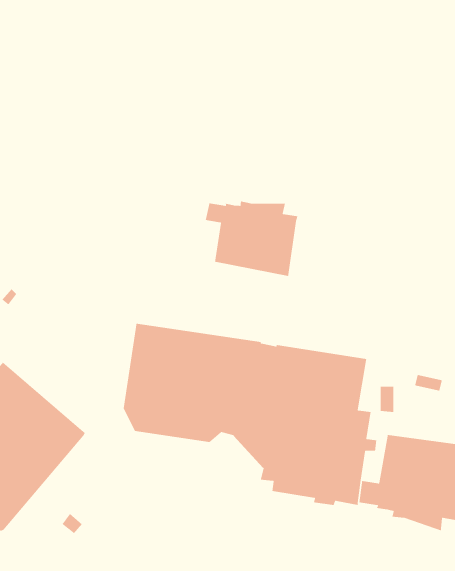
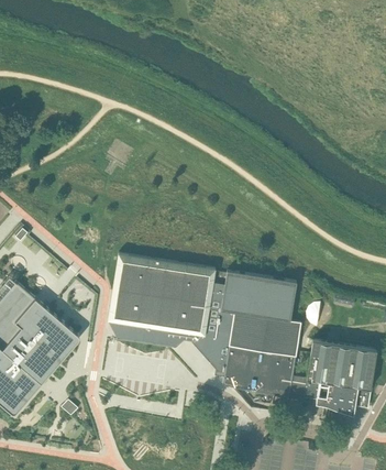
building: [205,200,299,277] -> none

